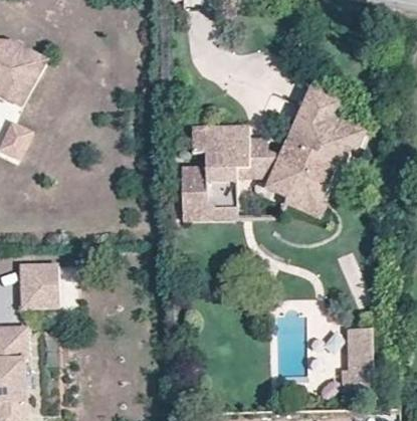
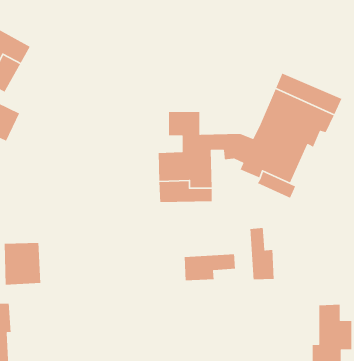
building: [224,126,286,155] -> none
building: none -> [250,227,275,280]
building: none -> [184,254,236,281]

